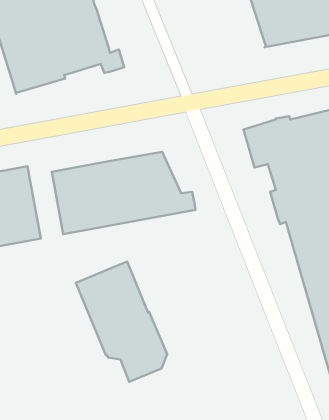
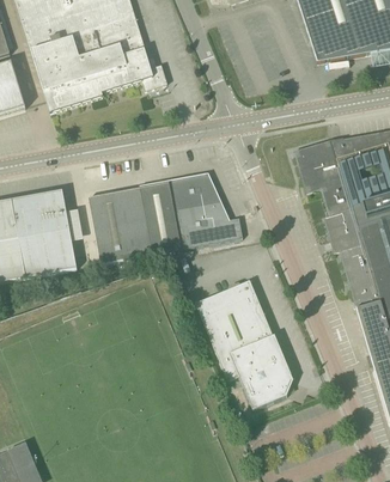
building: [76,262,167,382] -> [195,279,293,408]

